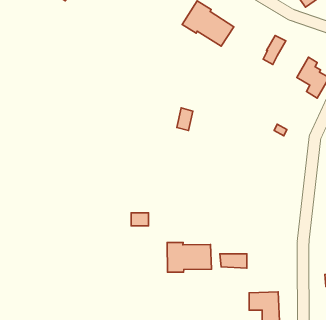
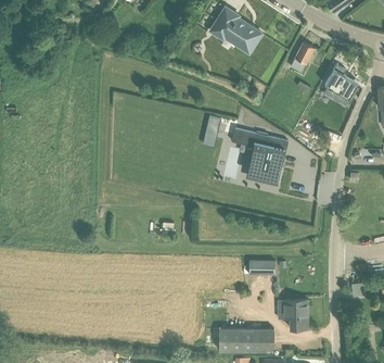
building: none -> [232,128,287,186]
building: [167,242,211,272] -> none

